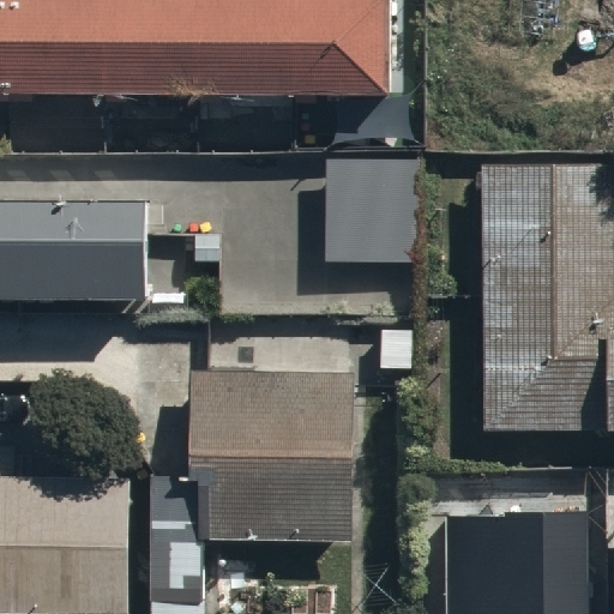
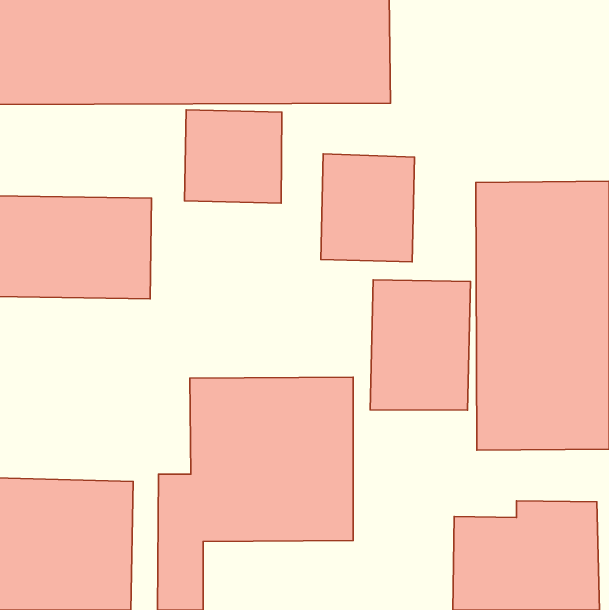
building: none -> [184,110,282,203]
building: none -> [370,280,471,410]

